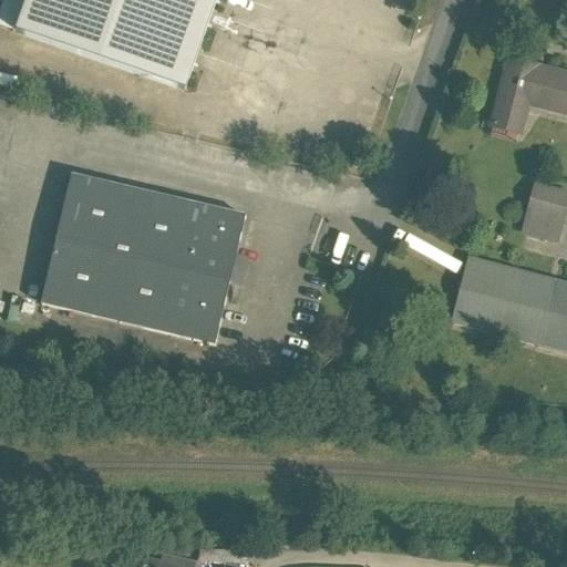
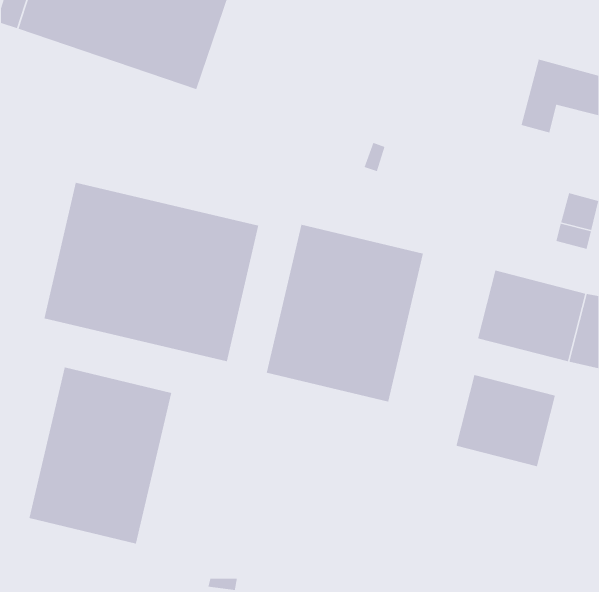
building: none -> [266,224,424,403]
building: none -> [28,367,172,545]
building: none -> [455,374,556,467]

